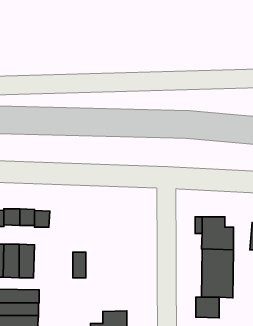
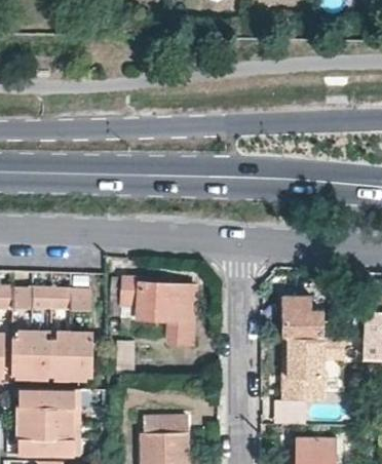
building: none -> [112,278,196,344]
building: none -> [69,333,90,375]

